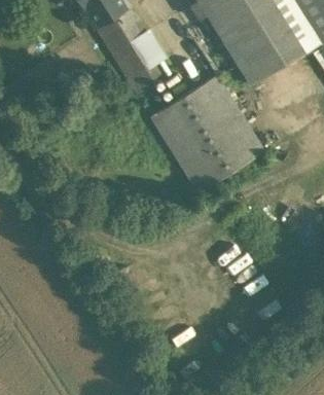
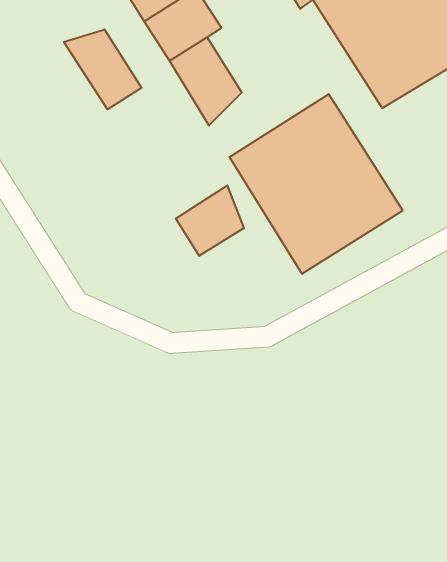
building: none -> [64,29,141,109]
building: none -> [176,185,244,256]

